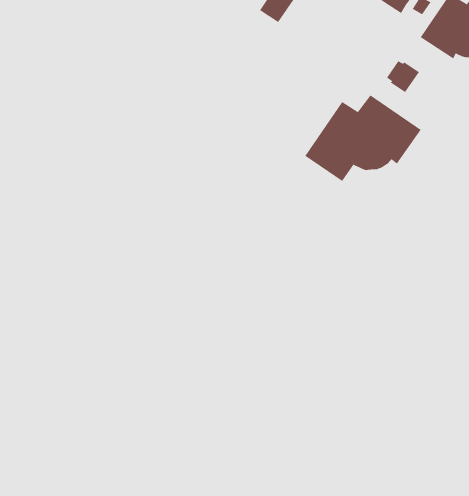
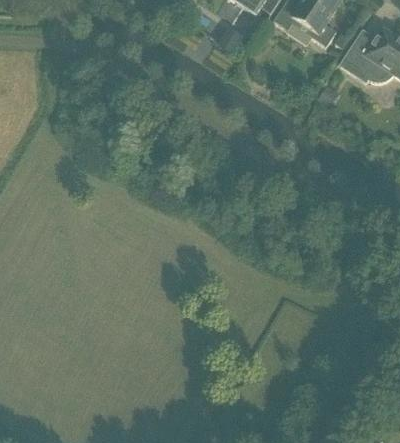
building: [304,94,422,182] -> none

